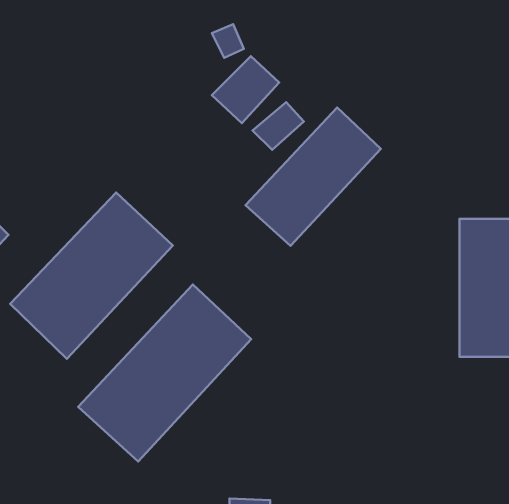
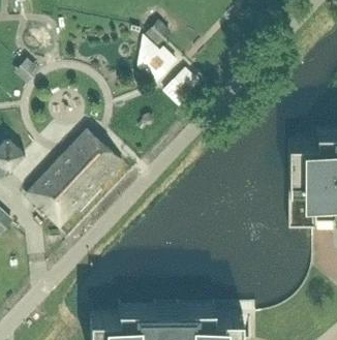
building: [246,108,381,246] -> none
building: [78,284,251,462] -> none

